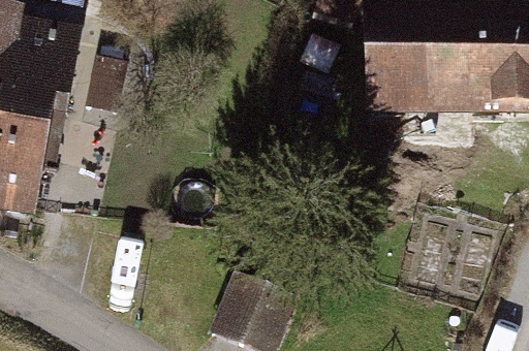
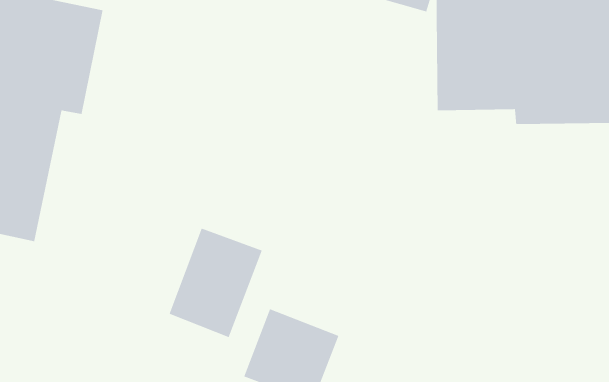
building: none -> [168,228,263,338]

